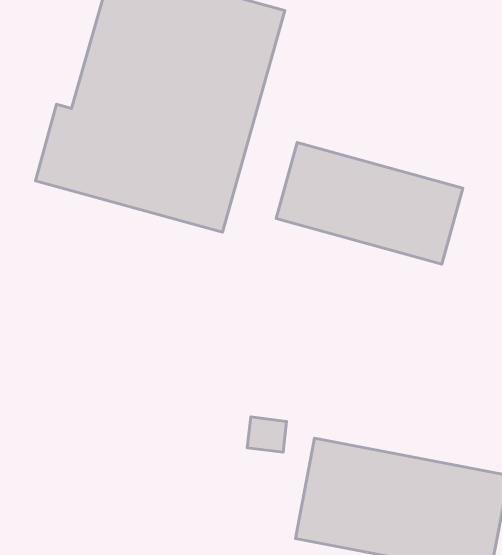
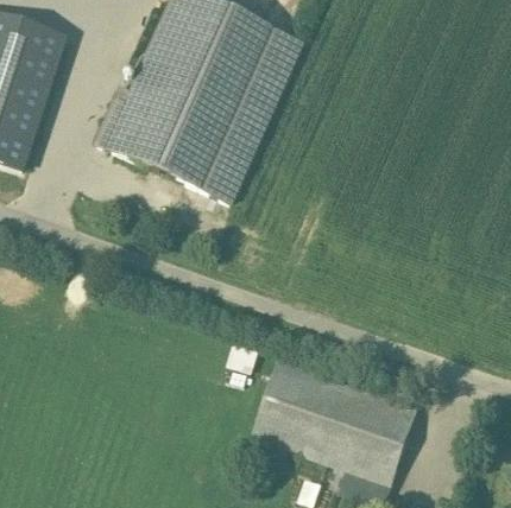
building: [276,143,463,264] -> none

